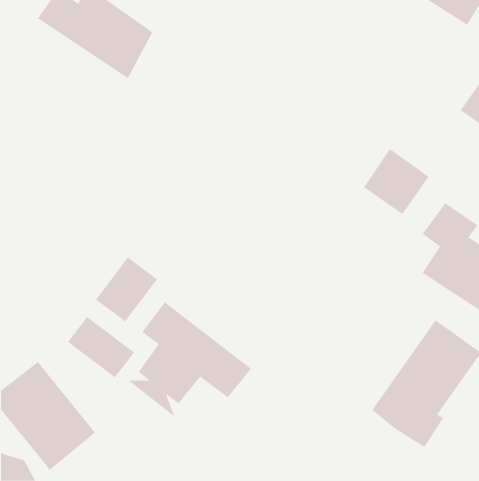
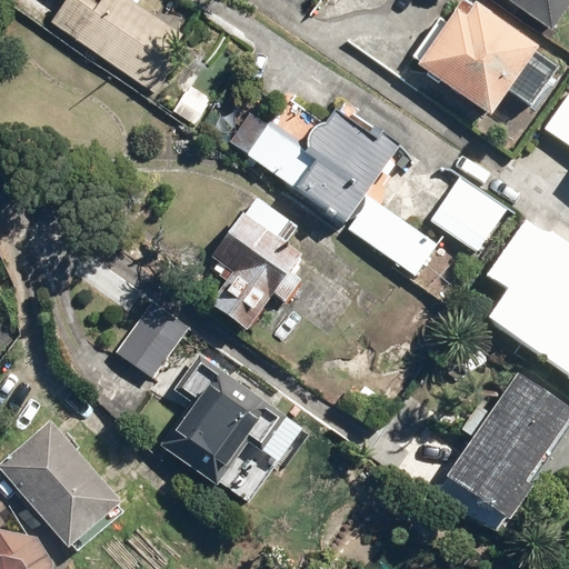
building: none -> [412,6,535,119]
building: none -> [231,111,438,277]
building: none -> [209,199,303,330]
building: [67,316,135,378] -> none

